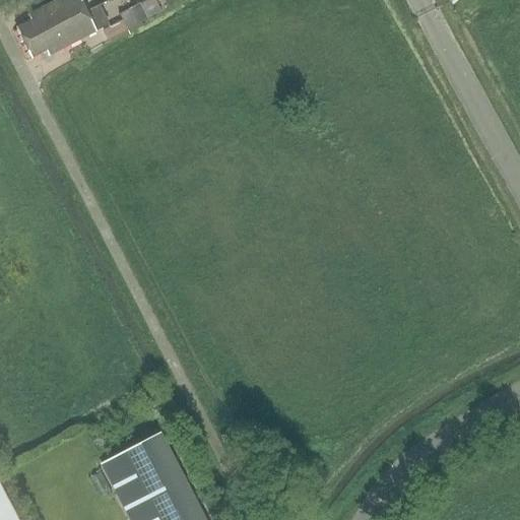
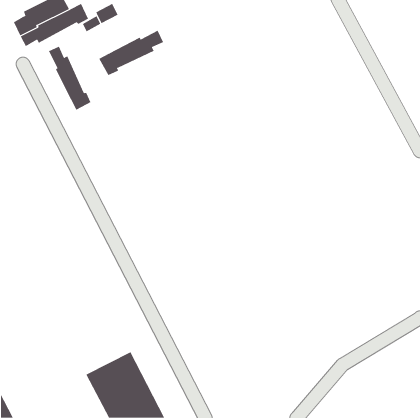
building: none -> [99,30,164,76]
building: none -> [48,46,91,110]

